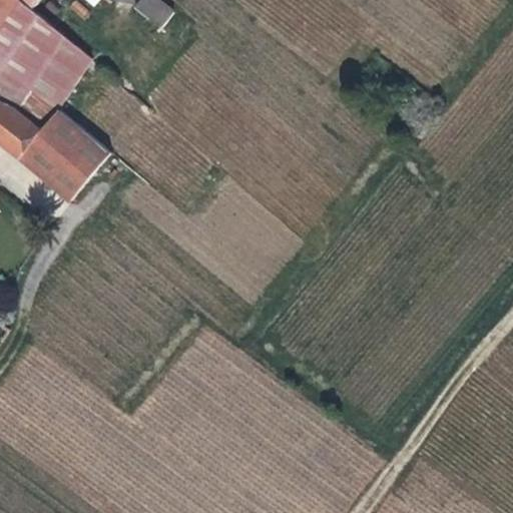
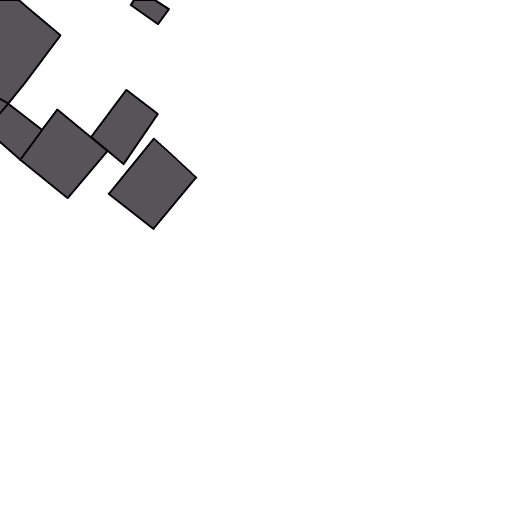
building: [25,36,91,110] -> [91,90,158,164]
building: none -> [109,139,196,229]

